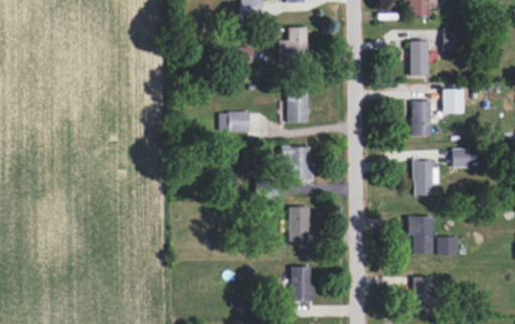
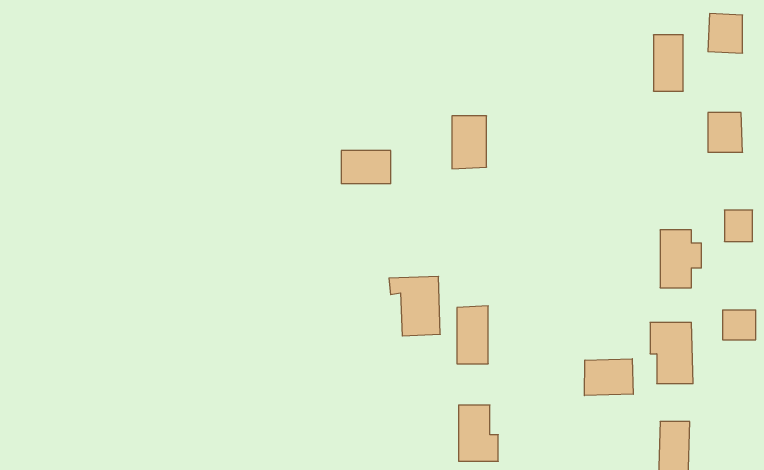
building: [279,27,311,59] -> none
building: [410,101,431,136] -> none
building: [281,146,312,182] -> [389,276,440,336]
building: [437,236,457,255] -> [723,310,756,340]
building: none -> [584,359,633,396]

